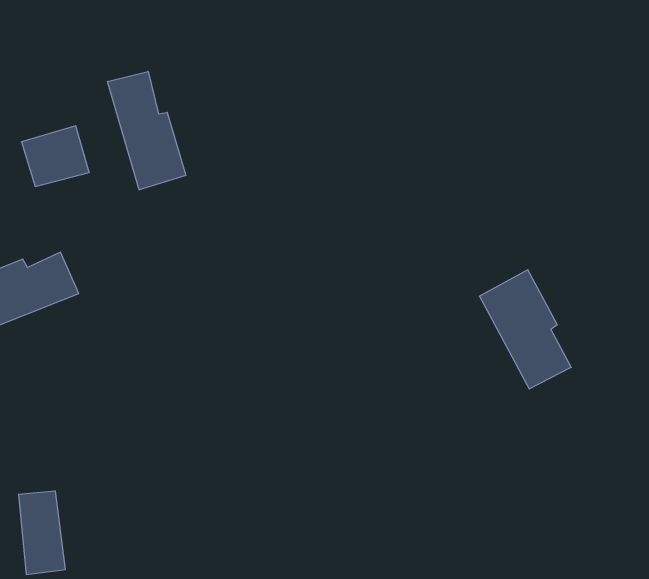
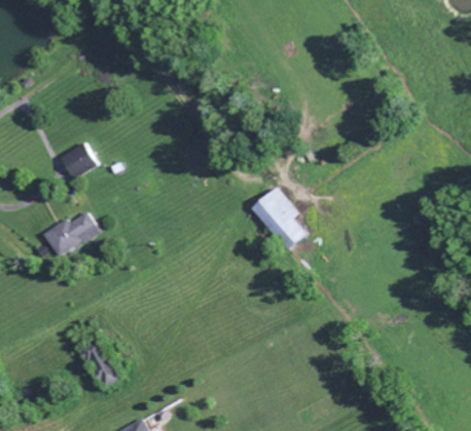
building: [108,71,186,190] -> none
building: [479,270,571,389] -> [255,189,311,252]

